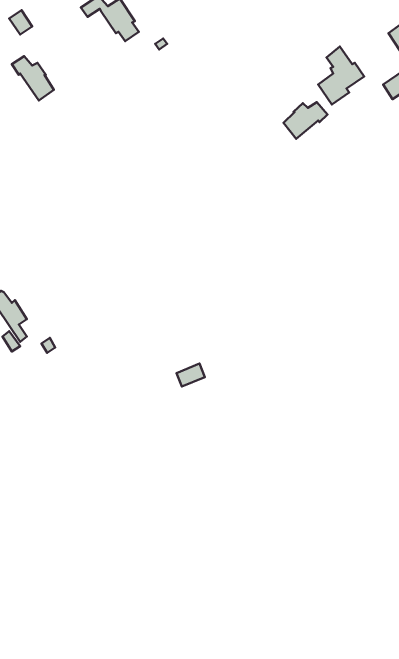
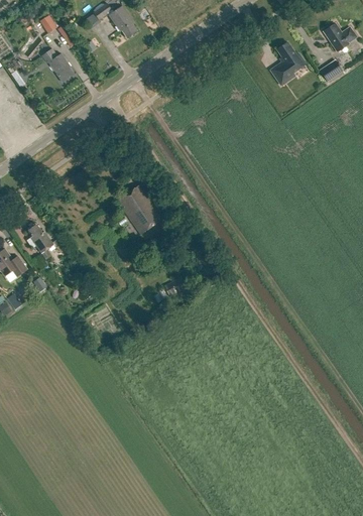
building: [283,102,327,139] -> none
building: none -> [118,183,163,234]

